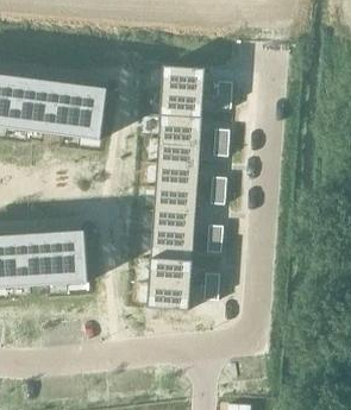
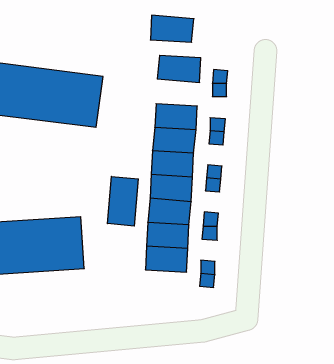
building: [162,90,206,118] -> [150,15,194,42]
building: none -> [107,176,138,226]
building: [149,283,193,310] -> none

